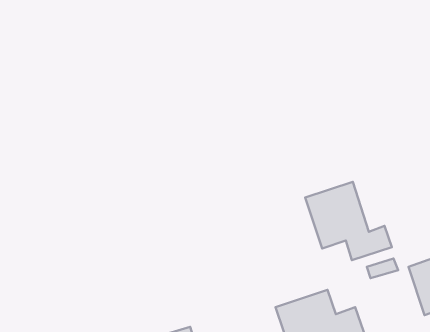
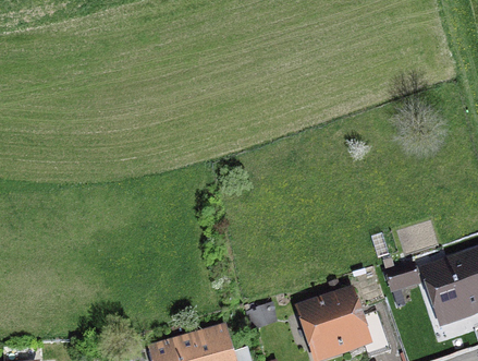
building: [305,182,392,260] -> none

